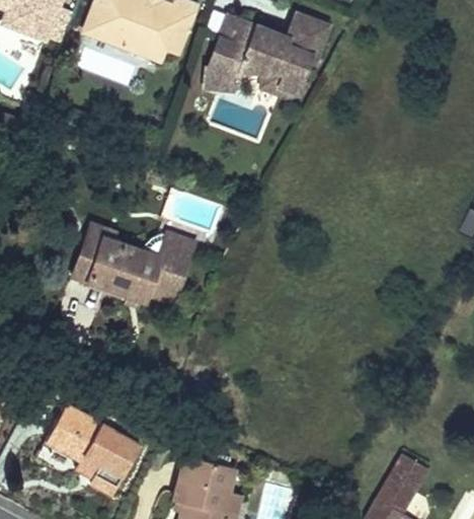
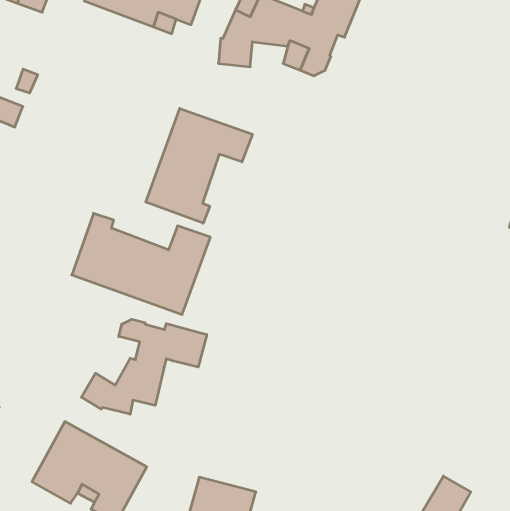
building: none -> [146,108,252,223]
building: none -> [81,319,207,414]

